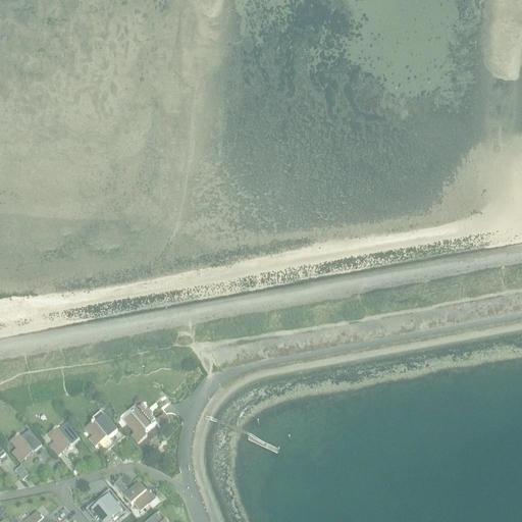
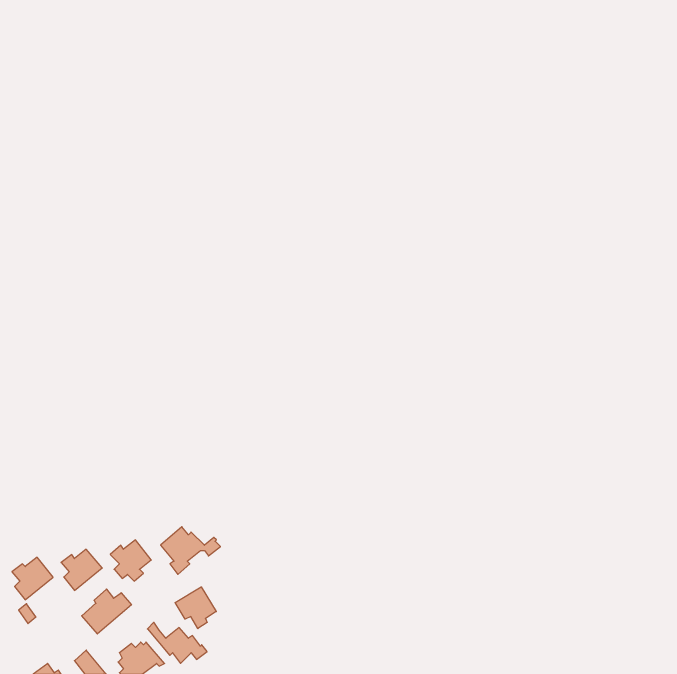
building: none -> [175,587,216,629]
building: none -> [82,589,131,634]

